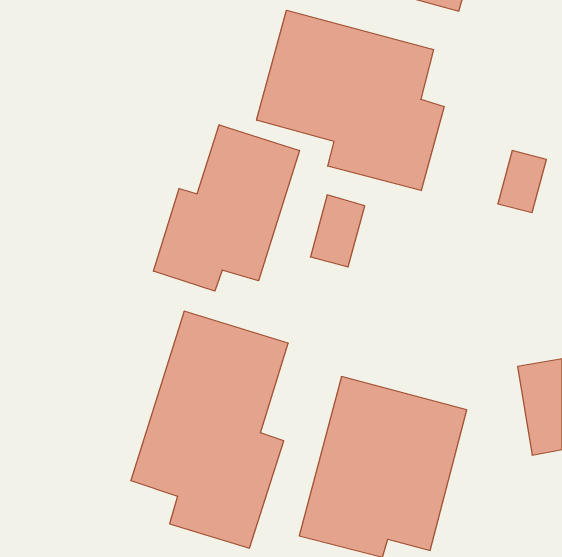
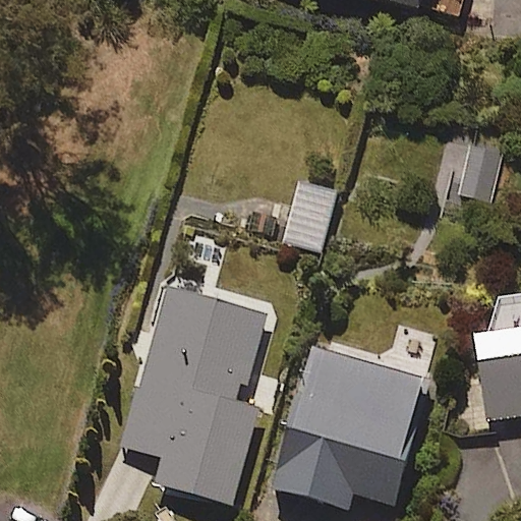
building: [257,10,444,191] -> none
building: [153,125,299,291] -> none

